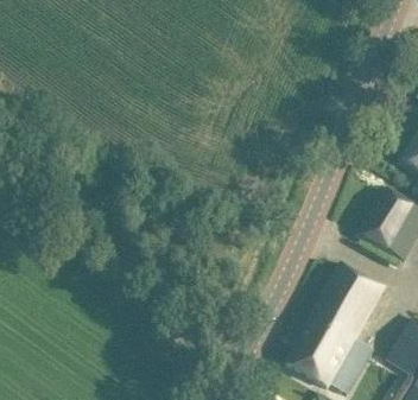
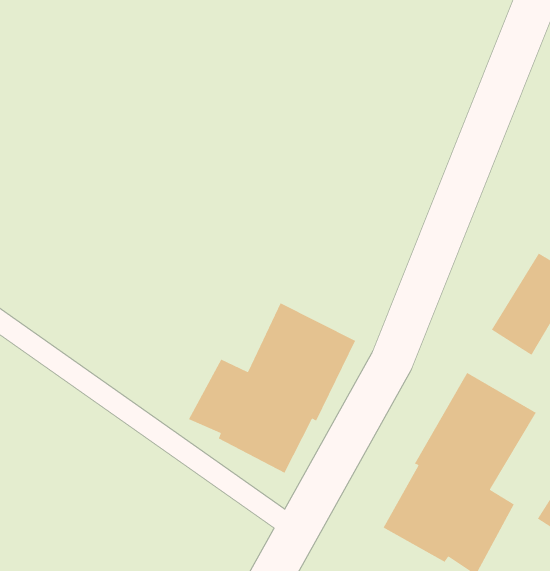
building: none -> [188,302,356,474]

